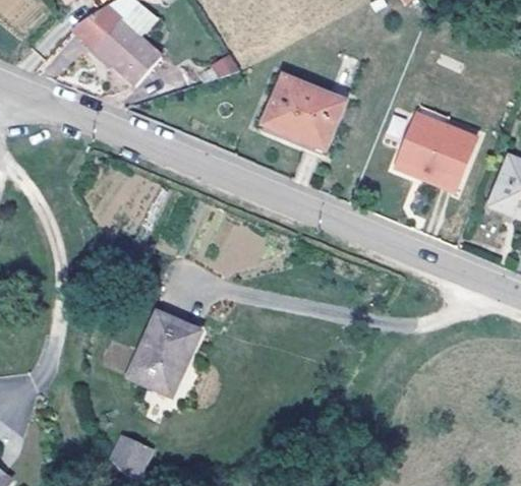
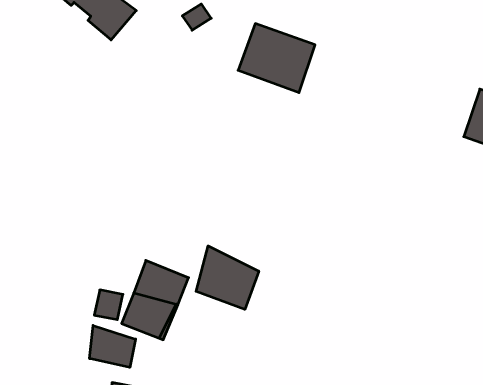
building: [395,105,476,191] -> none
building: none -> [196,246,259,309]
building: none -> [90,325,136,367]

